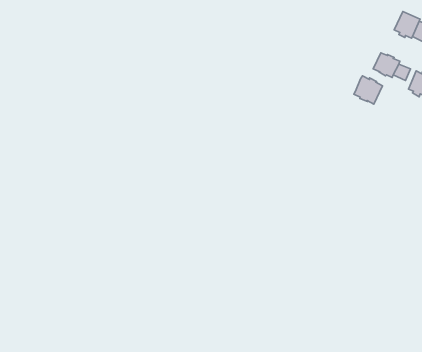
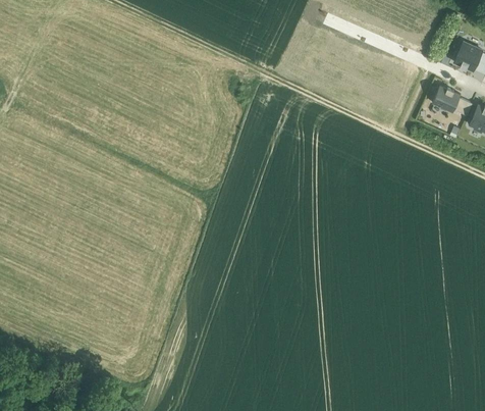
building: [354,76,383,104] -> none

